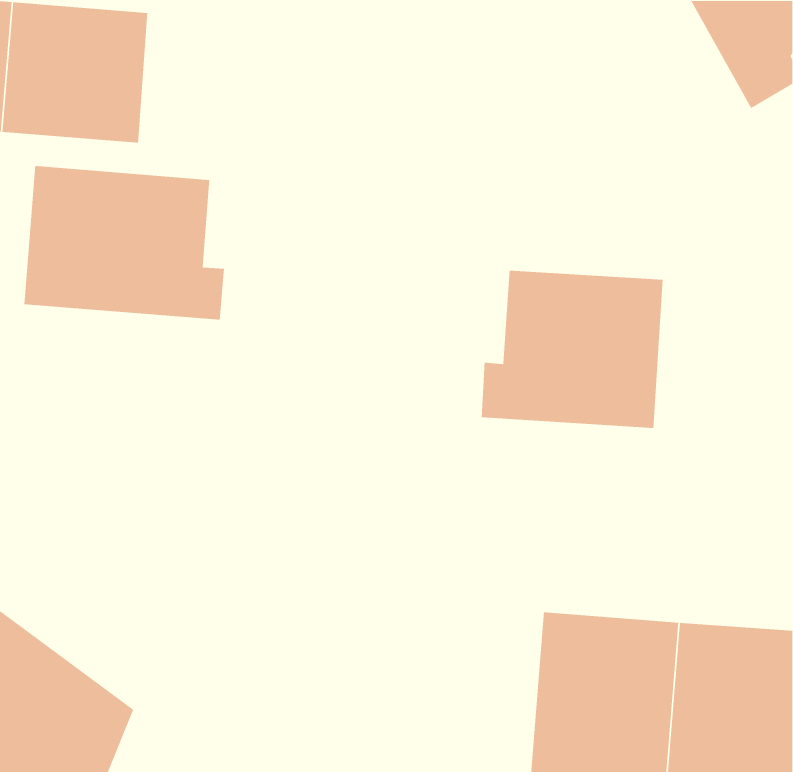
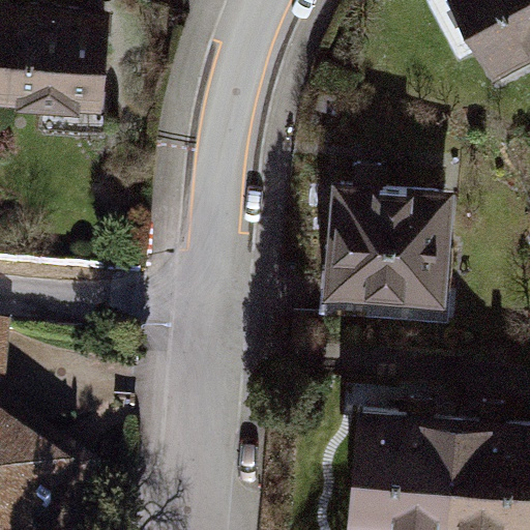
building: [23,165,225,320] -> none

